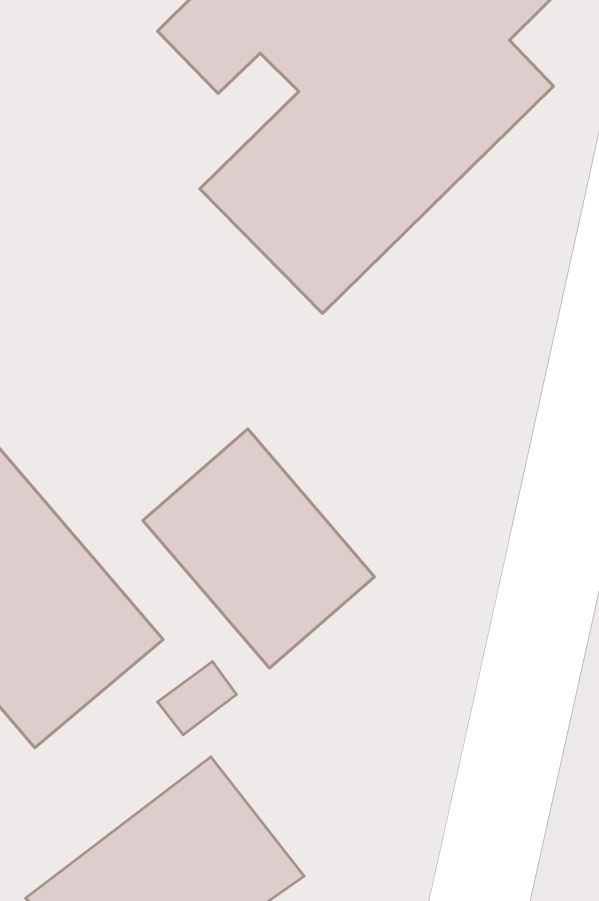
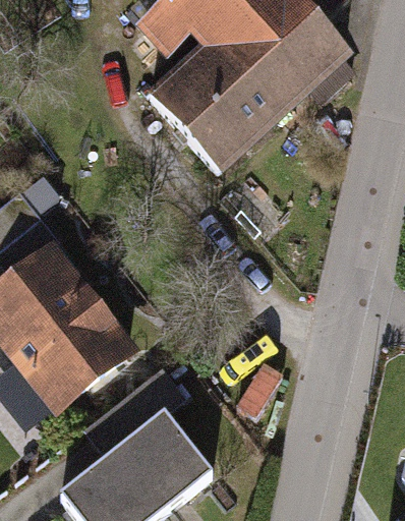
building: [143,429,375,668] -> none

